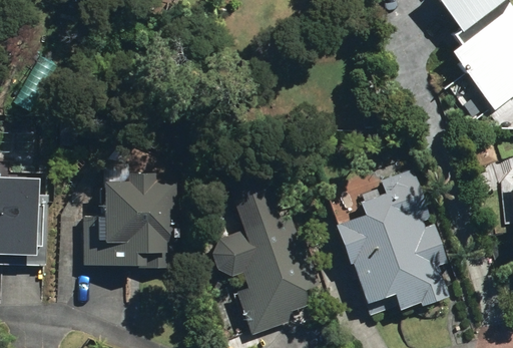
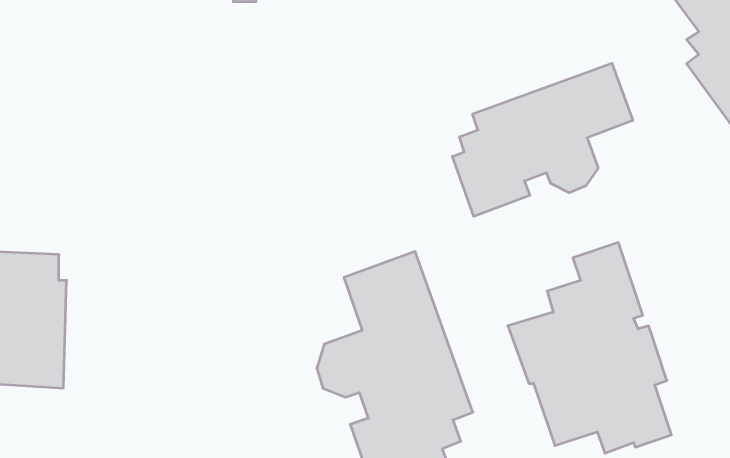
building: none -> [452,63,633,216]
building: [83,170,176,267] -> none

